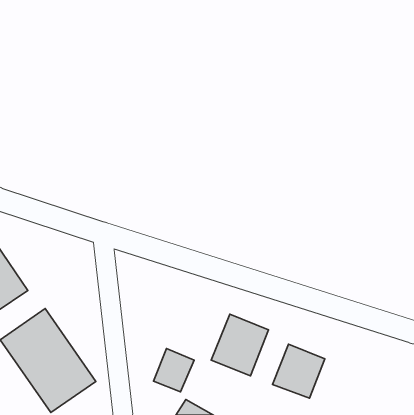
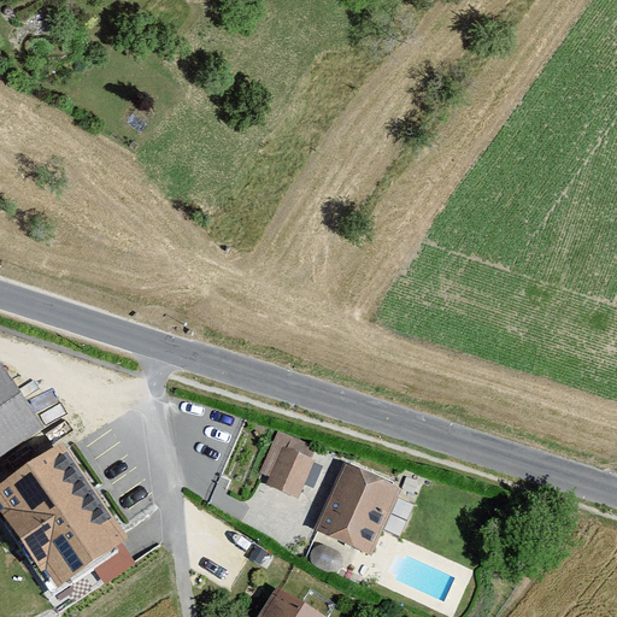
building: [273,344,325,398] -> none
building: [153,349,194,392] -> [254,433,315,496]

